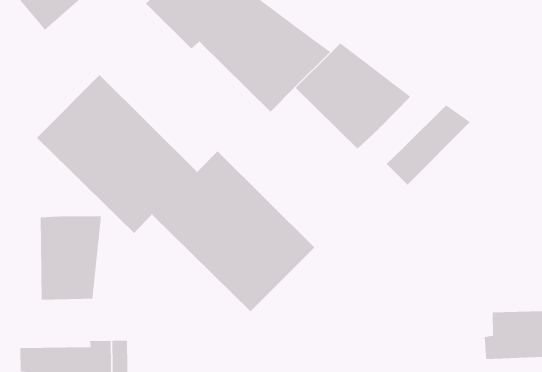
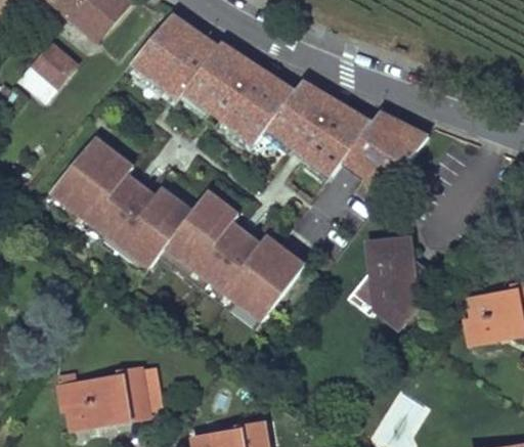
building: none -> [349,108,404,166]
building: [40,215,102,300] -> none
building: none -> [347,235,434,327]

